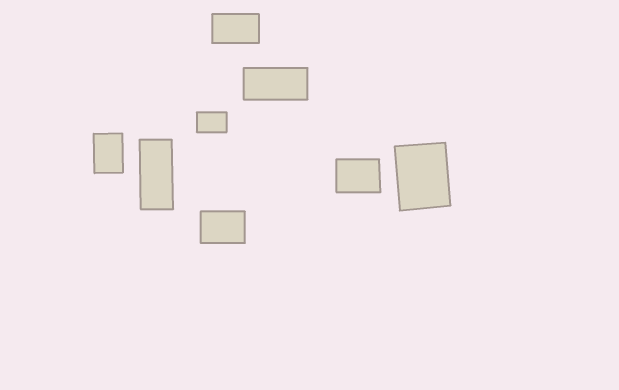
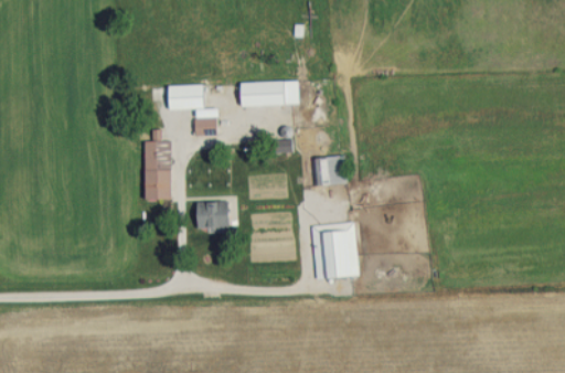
building: [212,14,259,43] -> [168,86,207,110]
building: [94,133,123,173] -> none
building: [395,143,451,211] -> [313,222,361,279]

